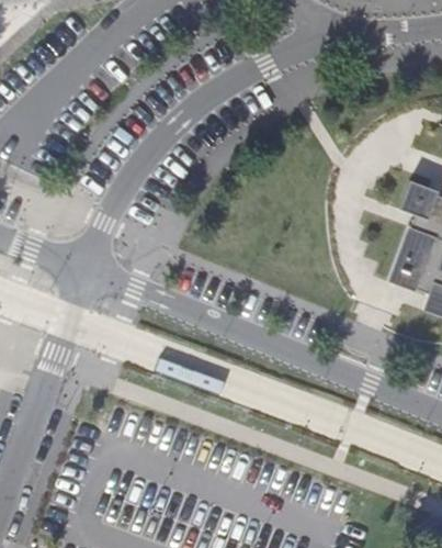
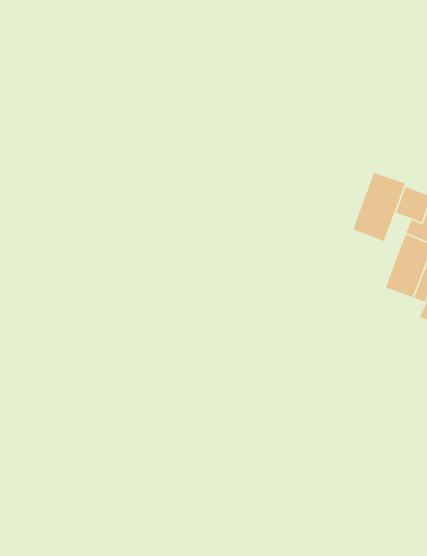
building: none -> [352,172,406,242]

